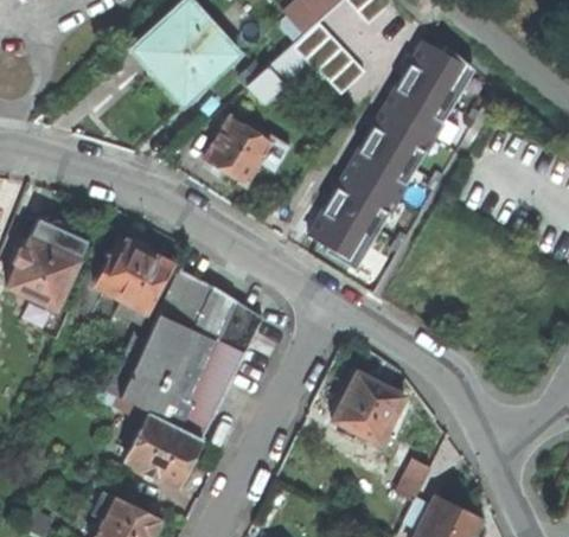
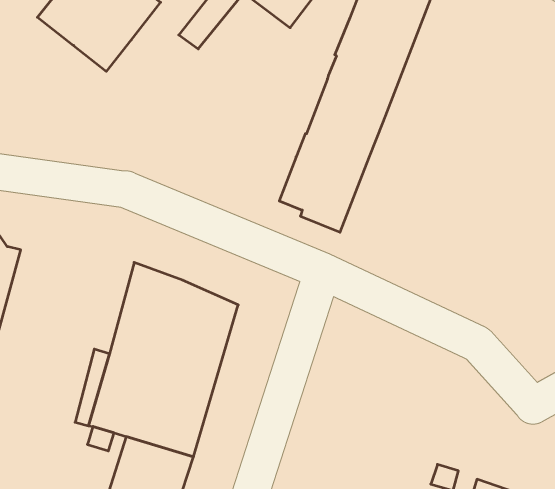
building: [206,116,273,184] -> none
building: [94,237,171,321] -> none
building: [331,370,404,443] -> none

